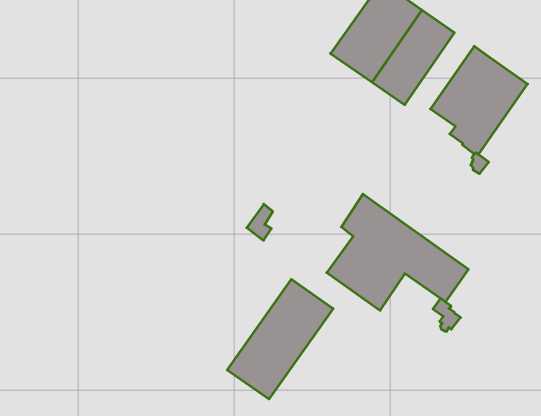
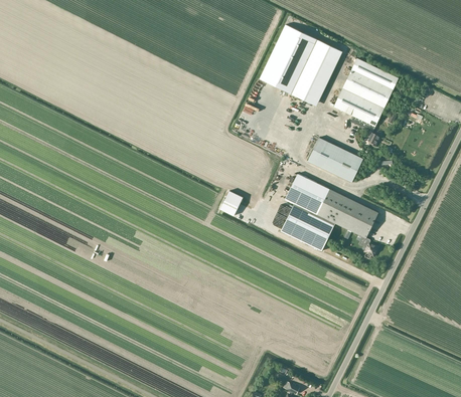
building: none -> [308,137,363,182]
building: [227,279,333,399] -> none

